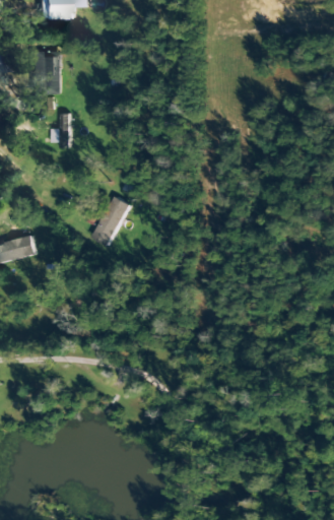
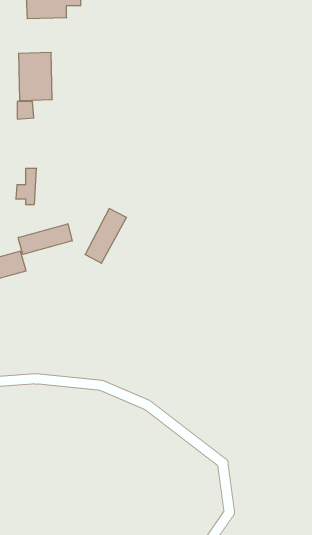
building: [53,113,72,146] -> [16,168,37,204]
building: none -> [18,224,72,254]

